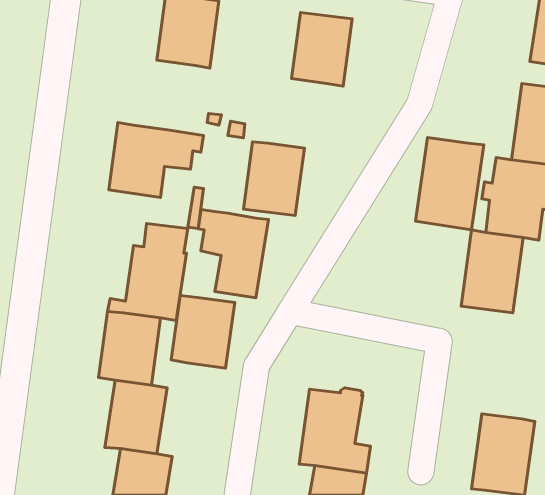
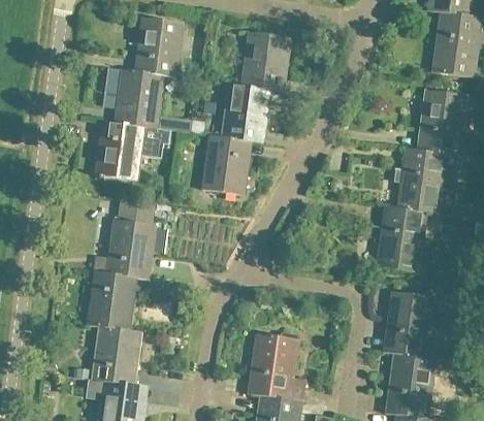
building: none -> [115,69,164,128]
building: none -> [222,84,268,142]
building: [416,137,484,230] -> none
building: [198,209,269,298] -> none
building: [171,295,235,368] -> none
building: none -> [382,291,432,356]

